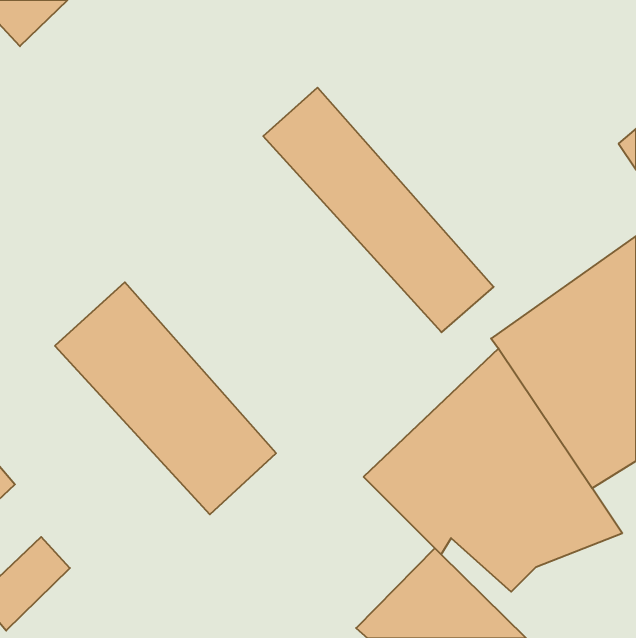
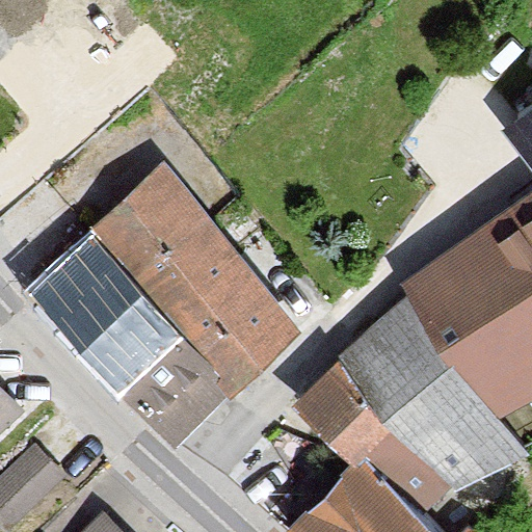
building: [263,88,494,332] -> none
building: none -> [98,169,294,377]

